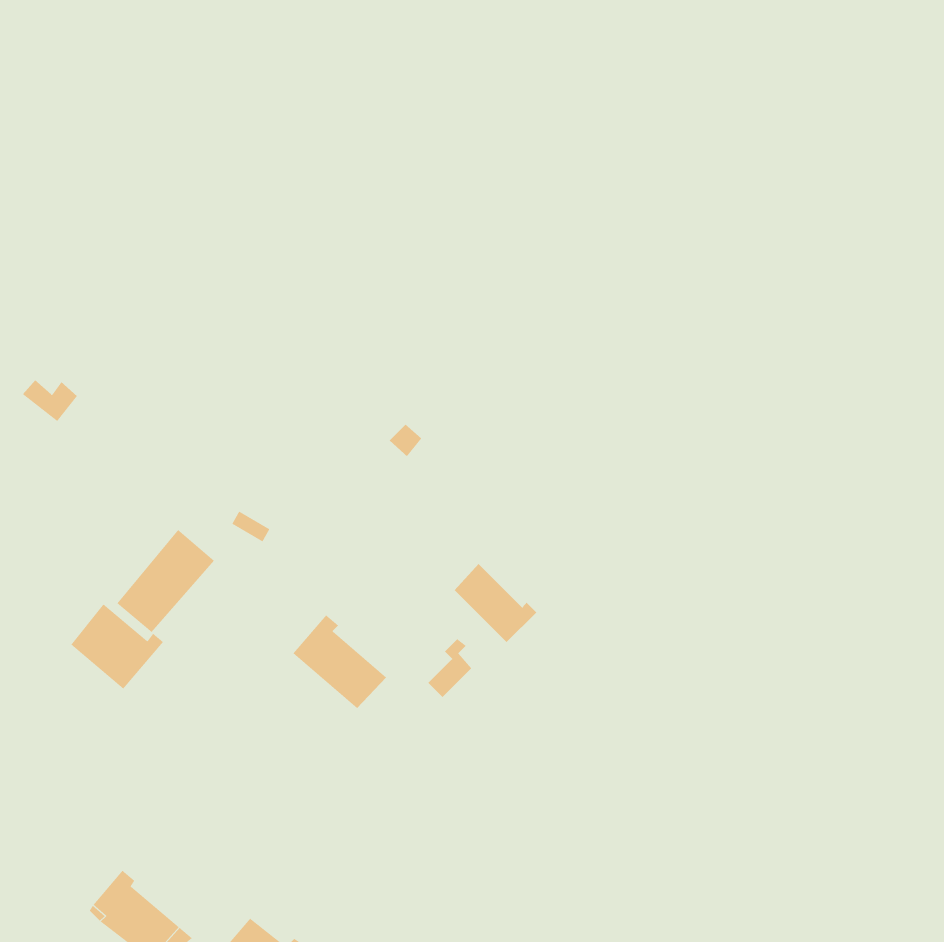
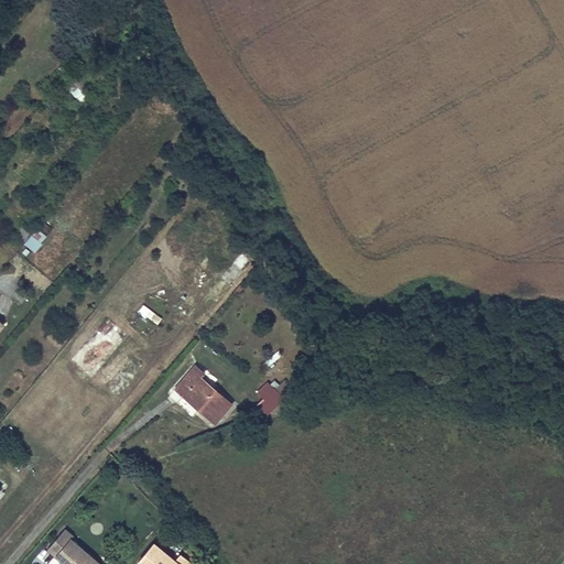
building: [454,563,537,643] -> none
building: [71,604,164,689] -> none

